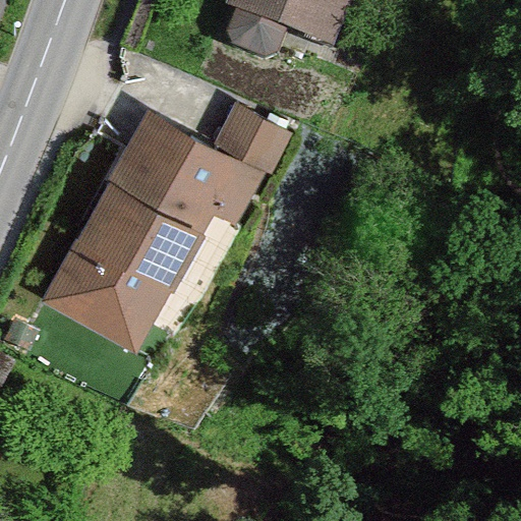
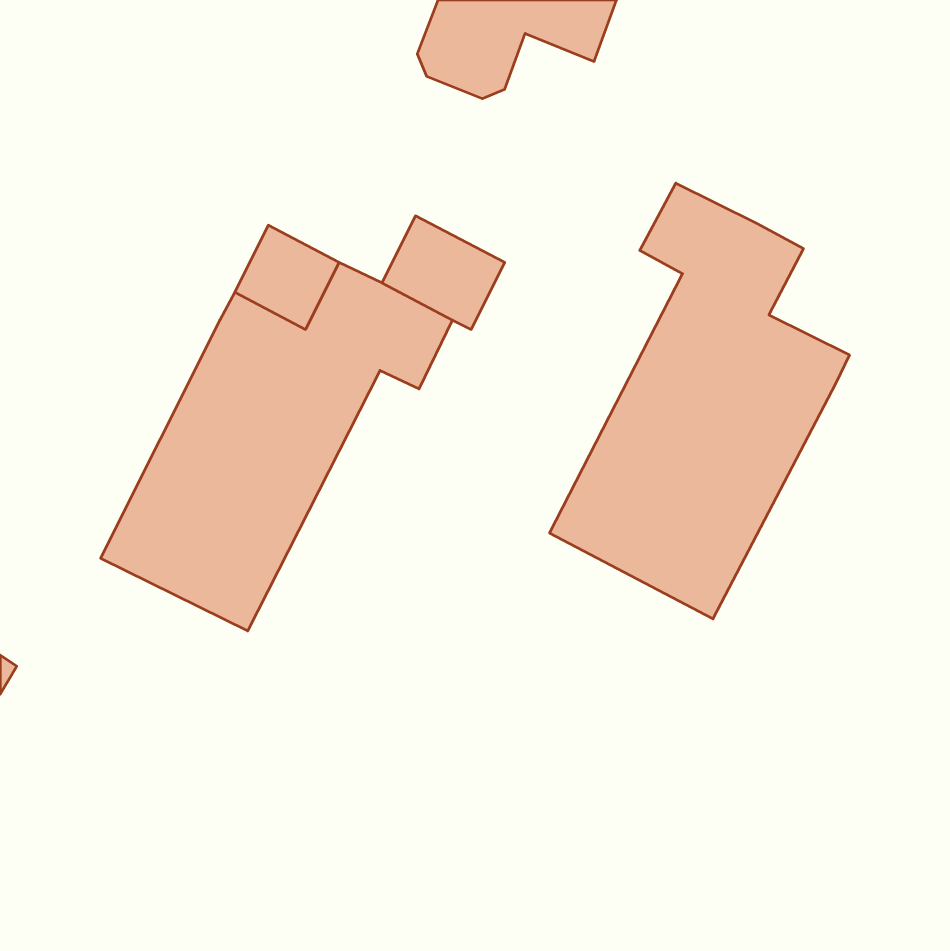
building: none -> [550,183,849,619]

